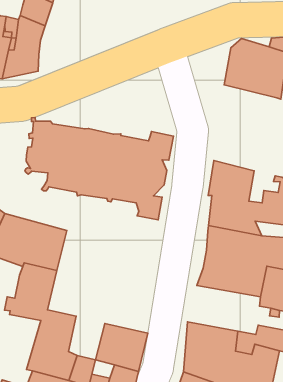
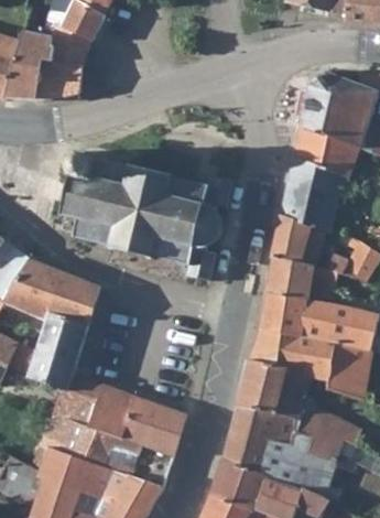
building: none -> [279,127,358,233]
building: none -> [234,360,322,418]
building: none -> [91,386,137,439]

